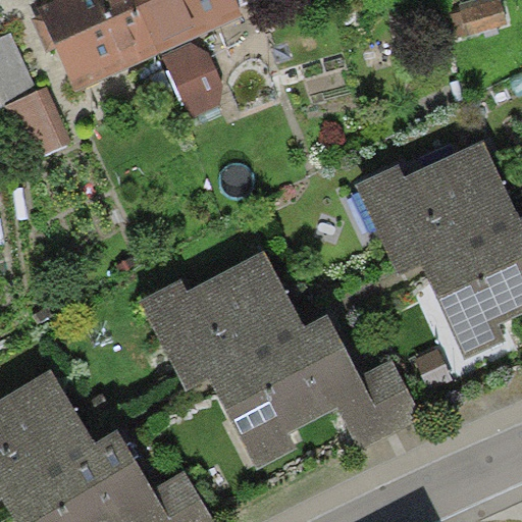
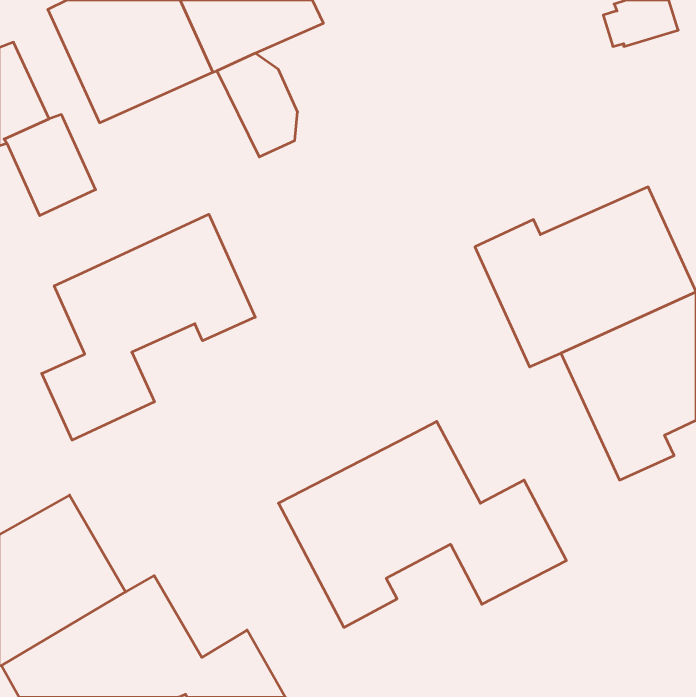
building: none -> [42,214,255,440]
building: [137,249,305,388] -> none

